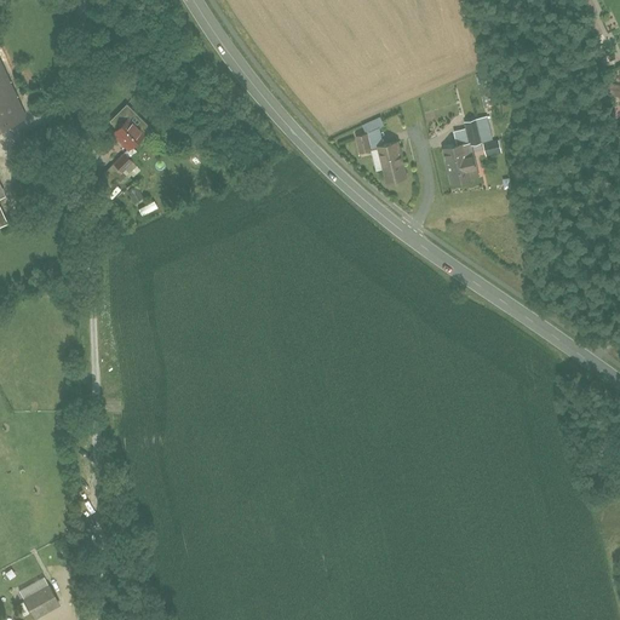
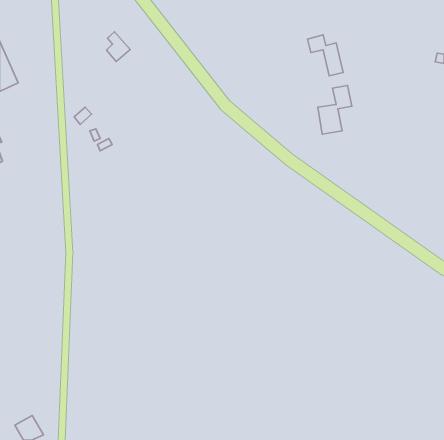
building: [116,102,149,143] -> [107,32,130,62]
building: [355,131,404,188] -> [307,35,343,76]

